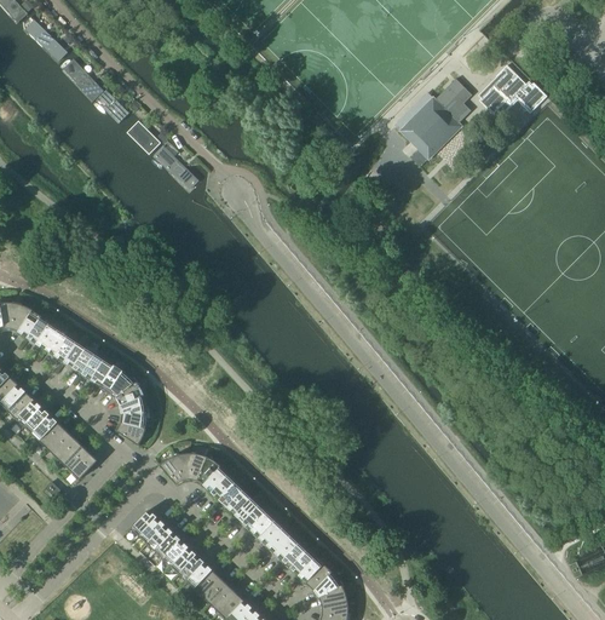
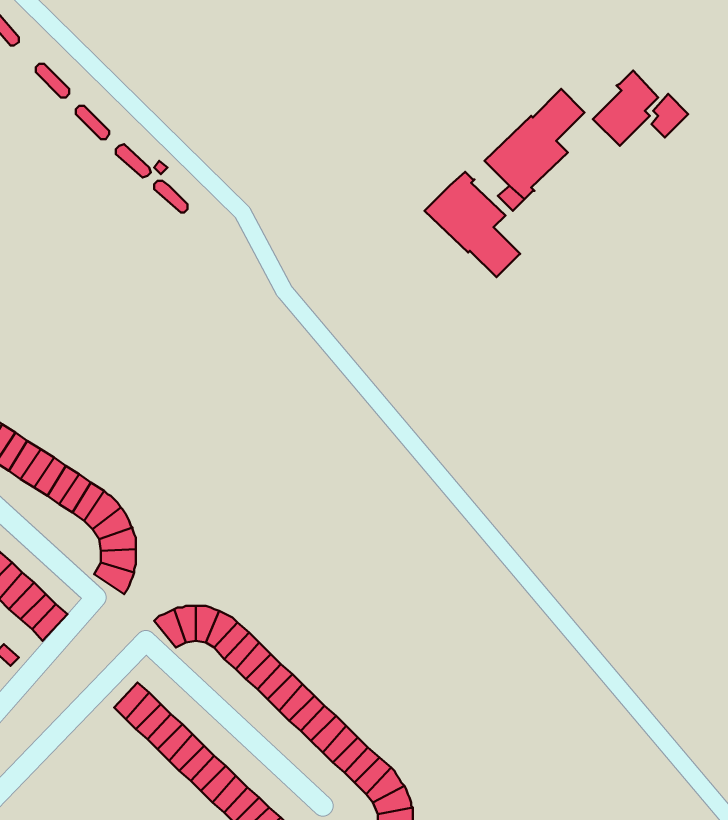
building: none -> [425,172,520,277]

